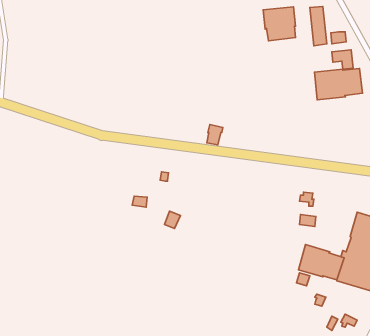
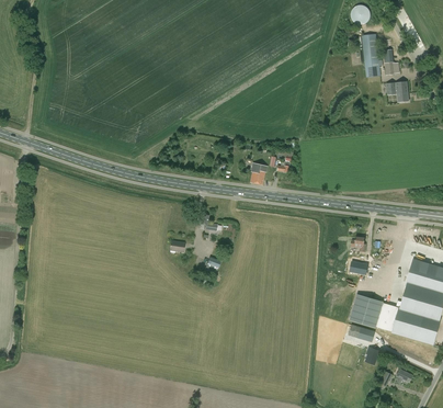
building: [263,7,296,41] -> none
building: [315,68,363,100] -> none

